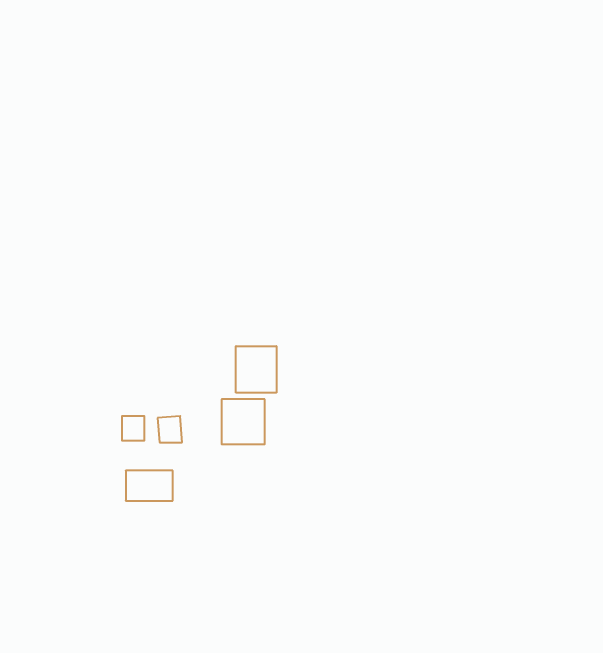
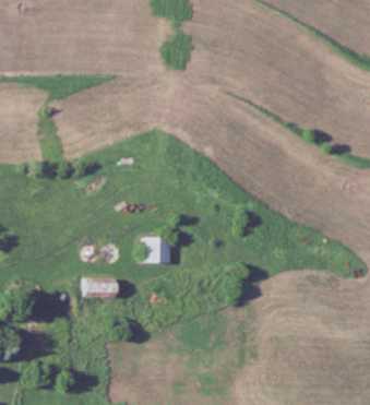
building: [236,346,276,393] -> none

